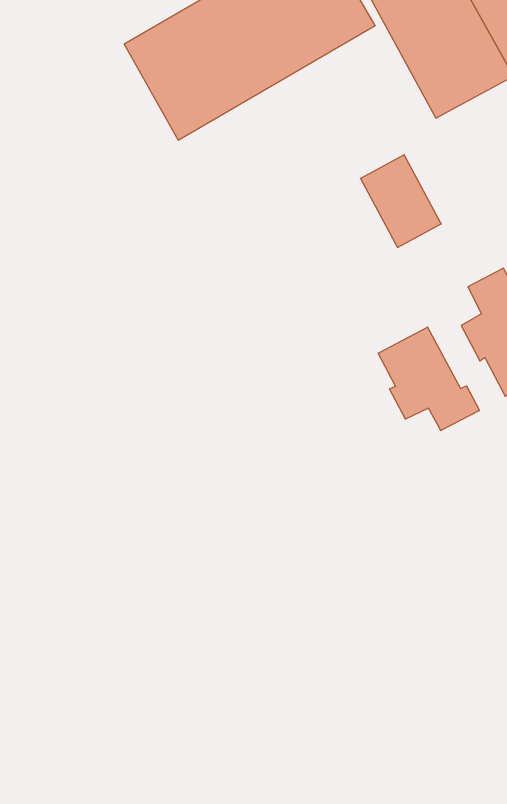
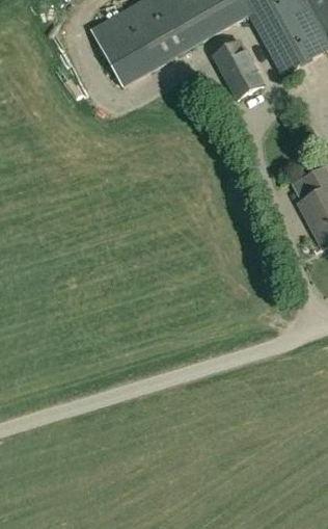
building: [360,155,441,247] -> [214,41,264,98]
building: [378,327,479,431] -> none

